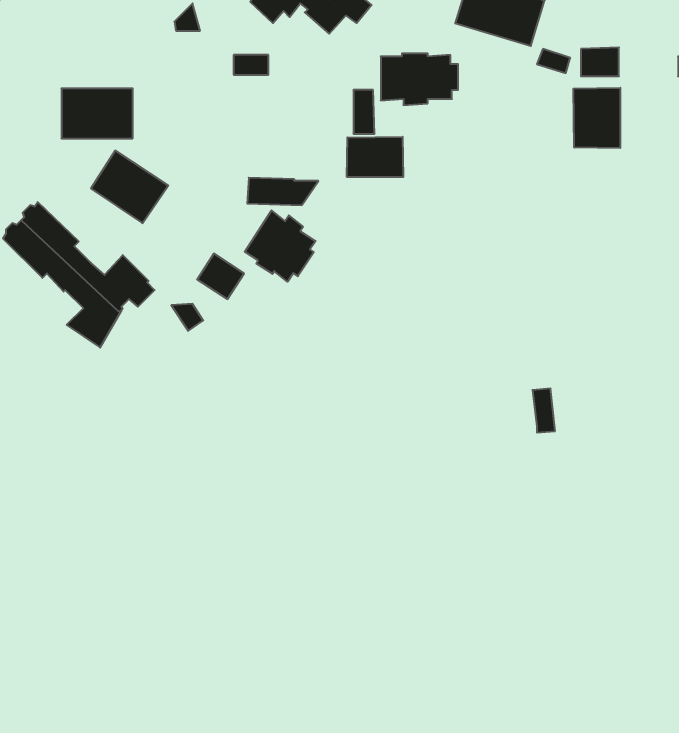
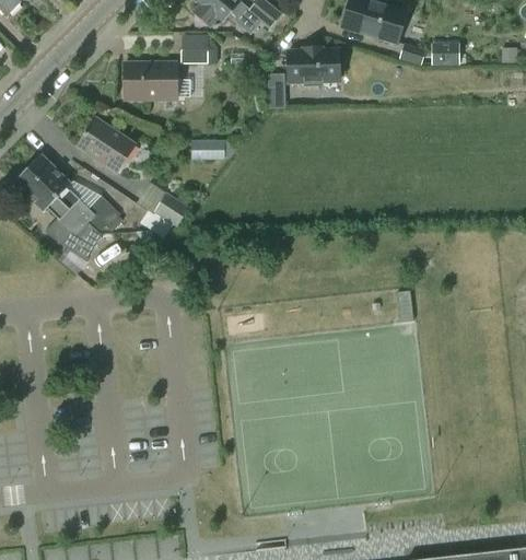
building: [573,88,620,148] -> none
building: [61,88,133,138] -> [125,62,176,98]
building: [347,137,403,177] -> none
building: [245,210,316,282] -> none

